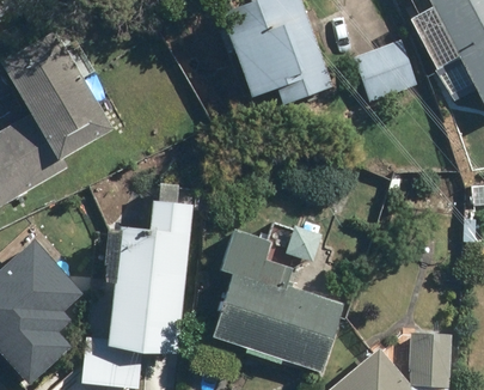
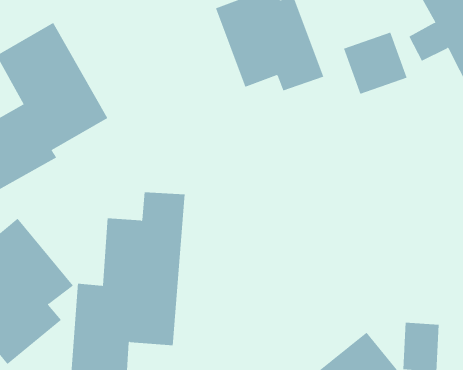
building: [214,221,341,366] -> none

